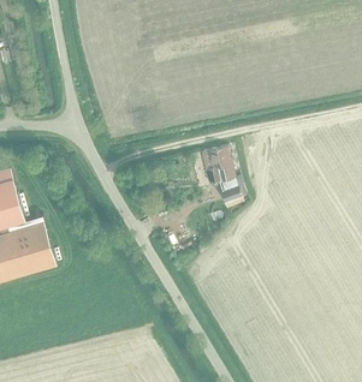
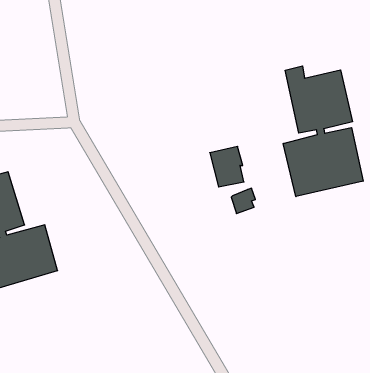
building: none -> [283,66,363,197]

